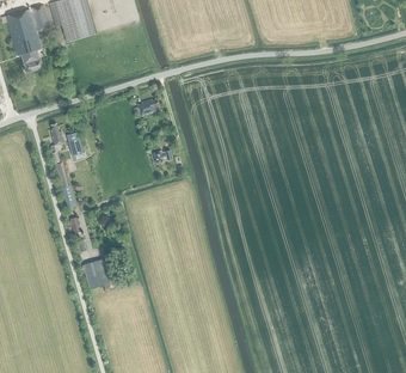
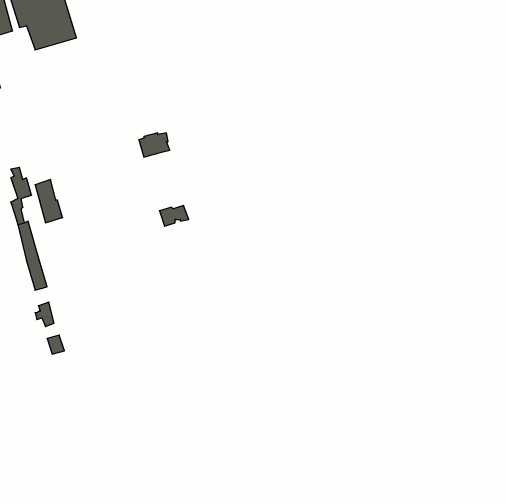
building: [81,257,110,288] -> none

